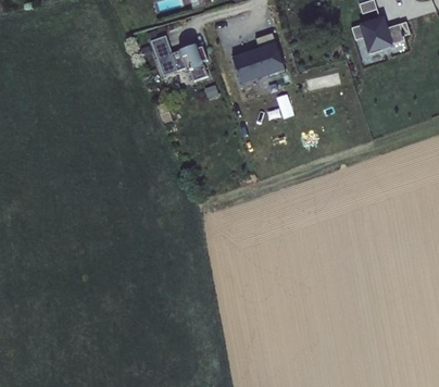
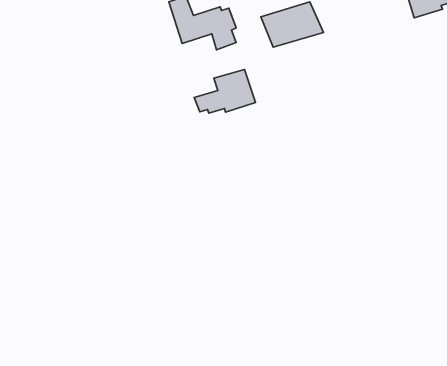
building: none -> [194,69,255,113]

